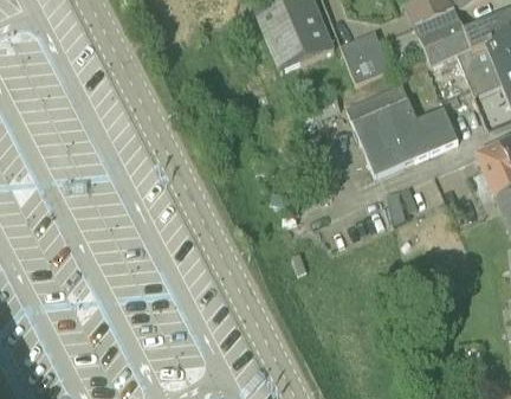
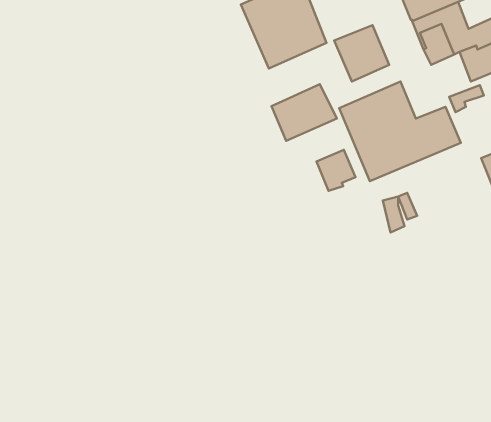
building: none -> [271,84,337,141]
building: none -> [317,150,355,191]

